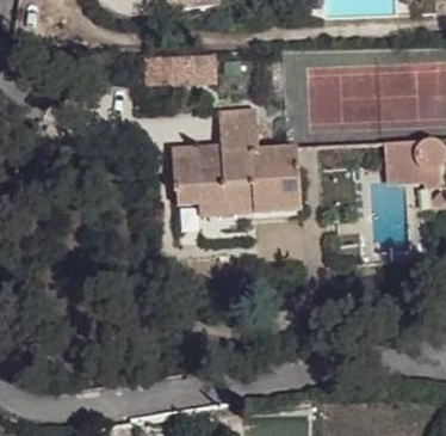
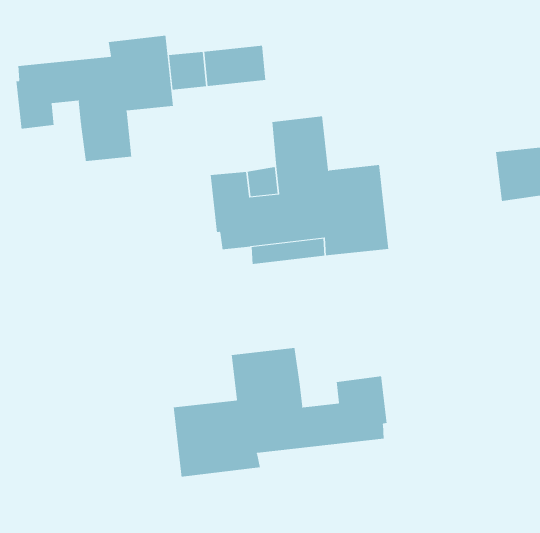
building: none -> [16,35,173,162]
building: none -> [173,347,387,478]

